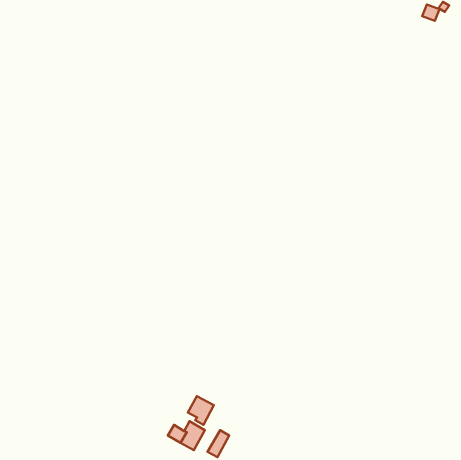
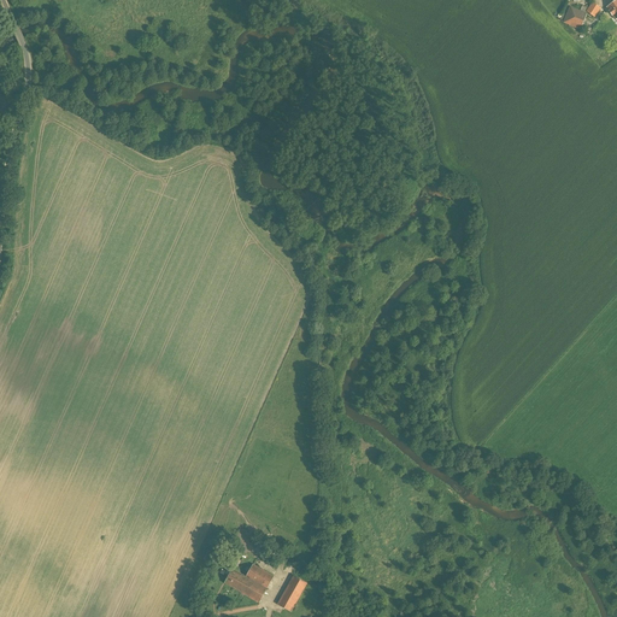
building: [188,396,214,425] -> none

